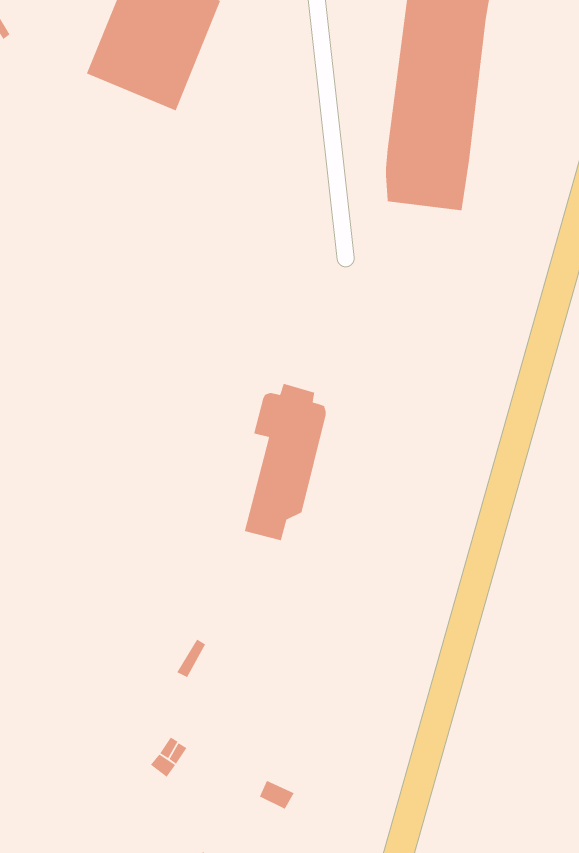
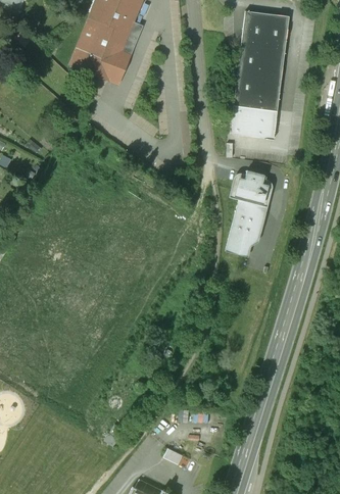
building: [244,383,327,541] -> [226,170,271,256]

